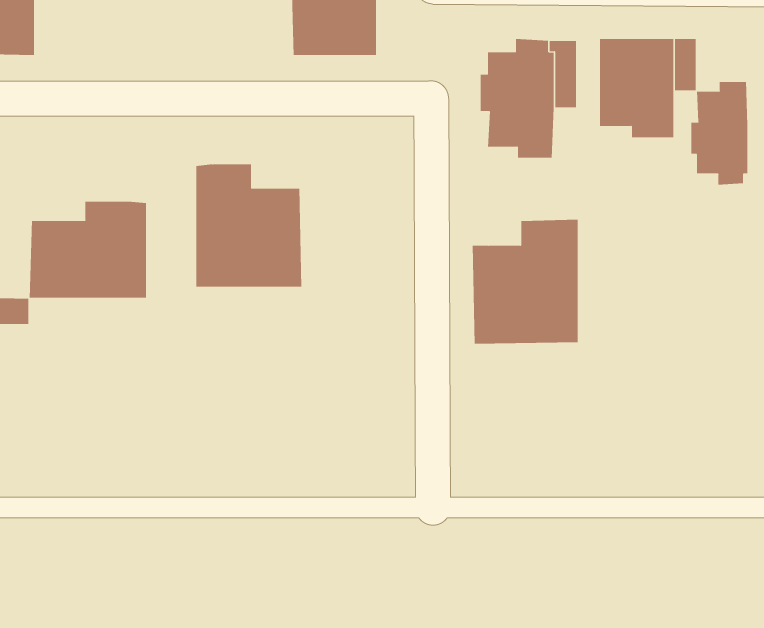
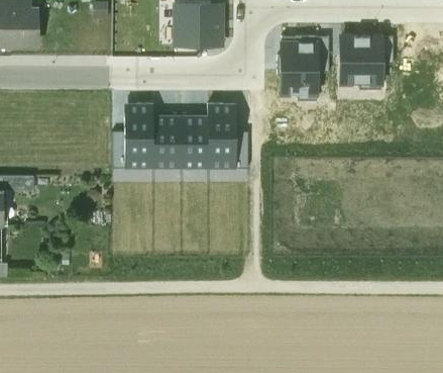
building: [691,81,748,186] -> none
building: [29,201,147,298] -> none
building: [472,219,578,344] -> [180,102,237,170]

